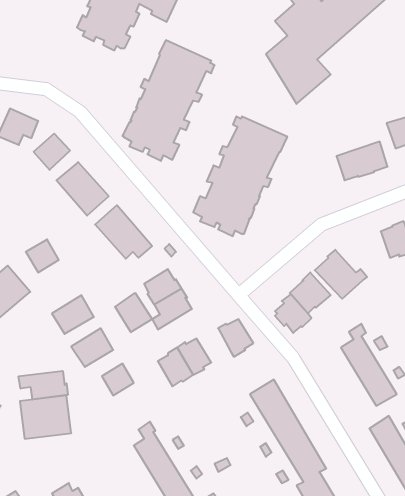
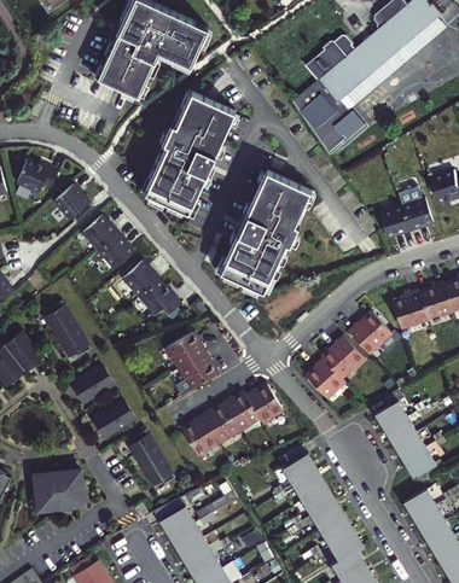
building: none -> [391,288,428,327]
building: none -> [54,321,89,355]
building: [115,293,152,332] -> none
building: none -> [222,391,258,431]
building: [19,371,68,400] -> none
building: none -> [134,451,169,485]

